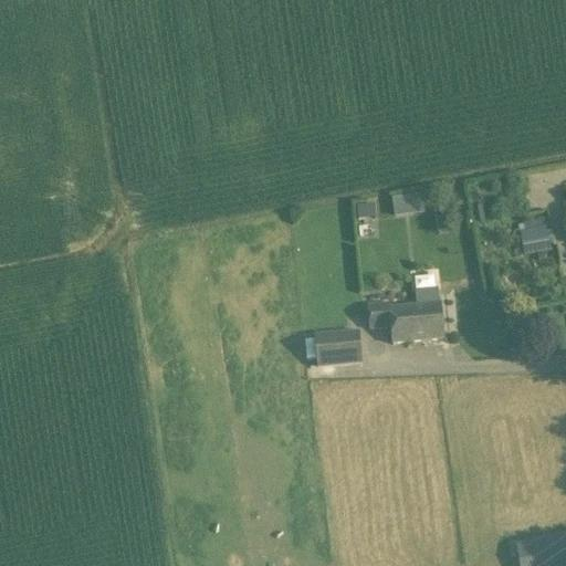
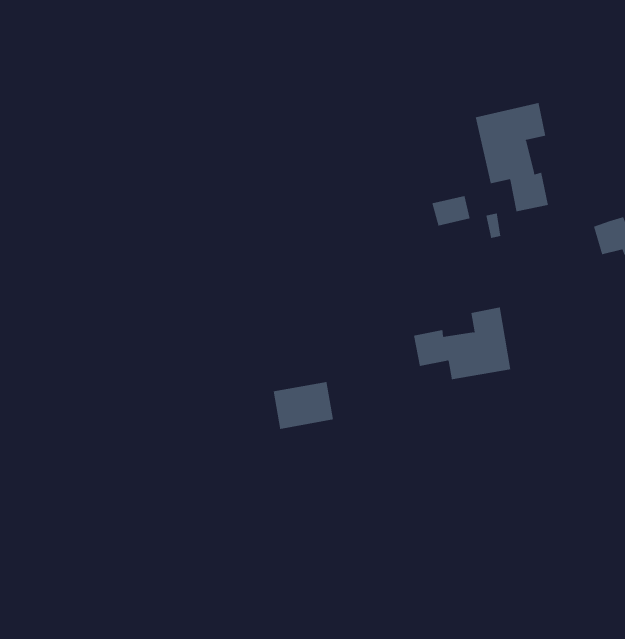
building: none -> [475,102,548,212]
building: [315,328,361,363] -> [273,381,334,429]

